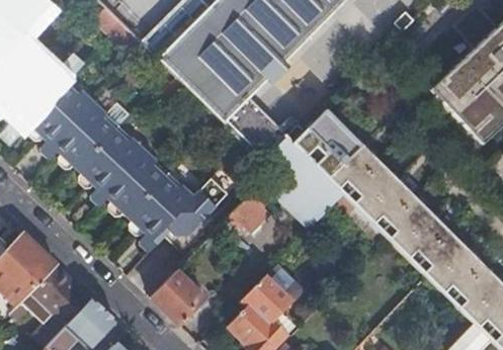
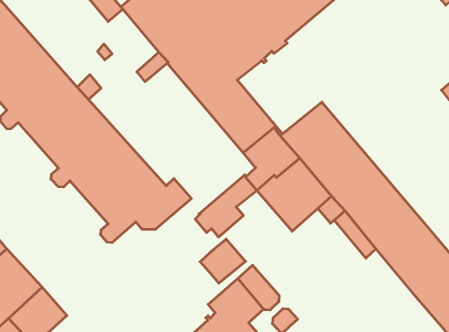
building: none -> [200,239,246,283]
building: [152,268,207,324] -> none

